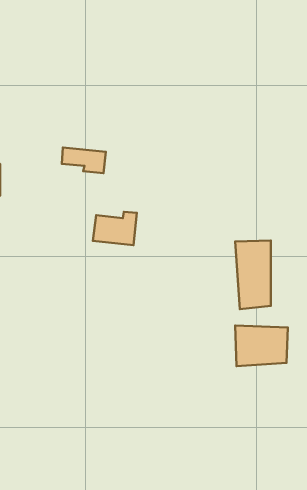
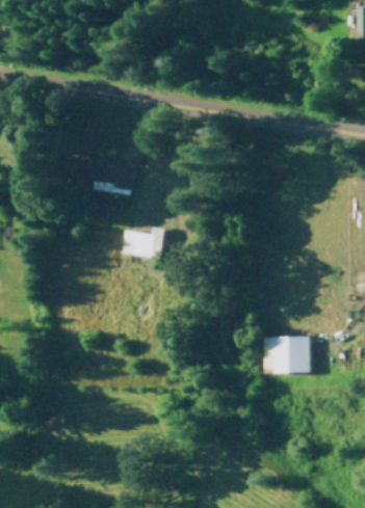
building: [235,241,271,309] -> none

